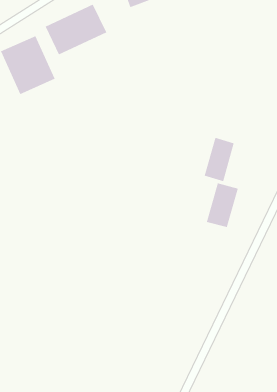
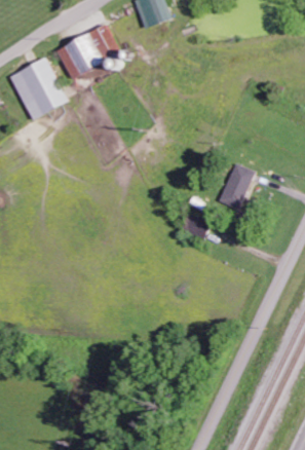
building: [206,183,238,228] -> none

